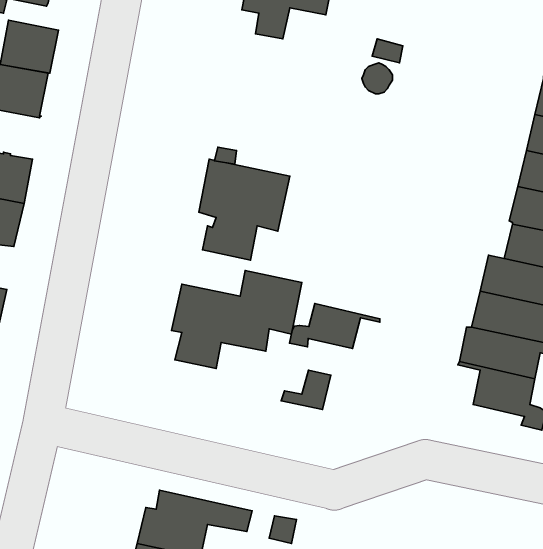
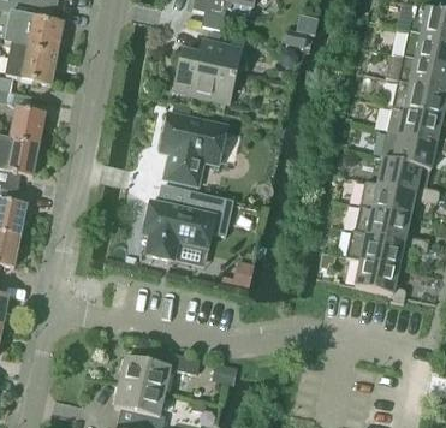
building: none -> [174,40,239,101]
building: [290,304,380,349] -> none

